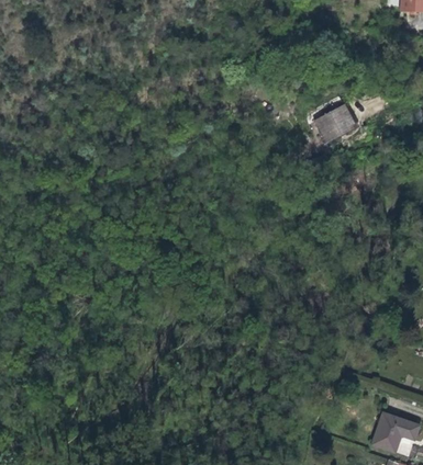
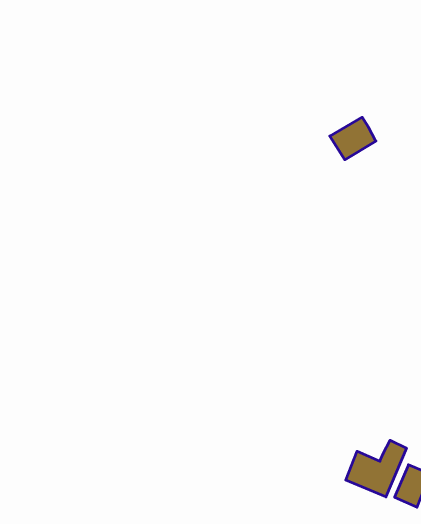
building: none -> [346,440,406,497]

